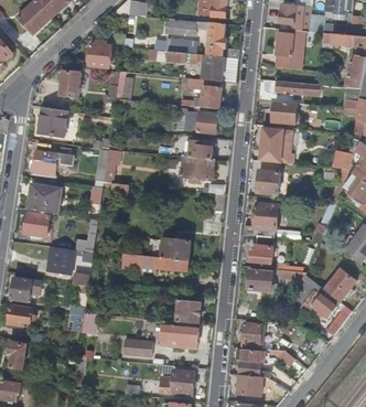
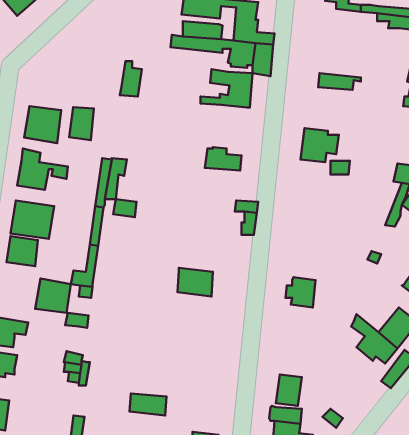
building: [274,29,304,69] -> none
building: [88,41,111,68] -> none
building: [60,71,79,97] -> [69,107,94,140]
building: [271,101,297,124] -> none
building: [177,106,218,133] -> none
building: [181,157,214,180] -> none
building: [256,160,281,195] -> none
building: [241,203,278,237] -> none
building: [122,254,189,275] -> none
building: [247,267,306,291] -> none
building: [162,297,214,323] -> none
building: [172,326,198,347] -> none

